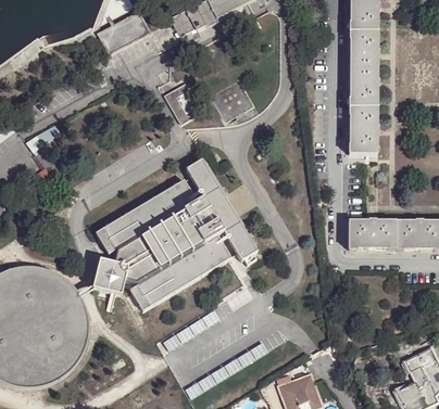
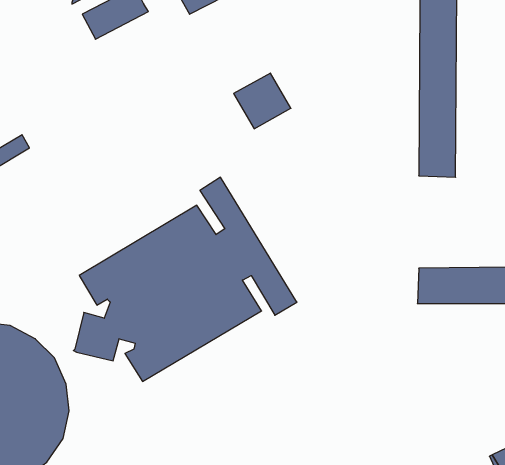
building: [164,85,201,125] -> none

